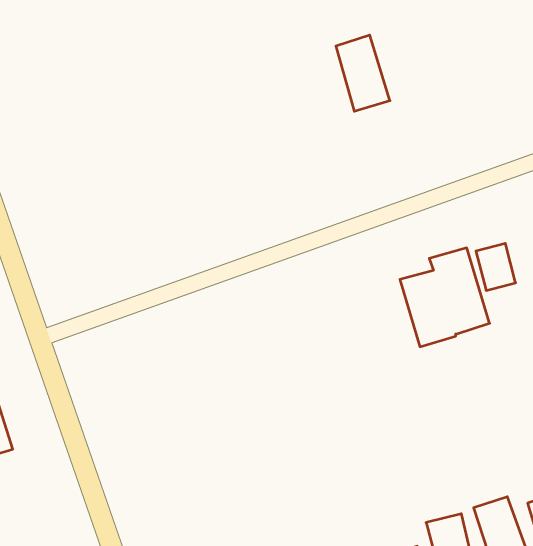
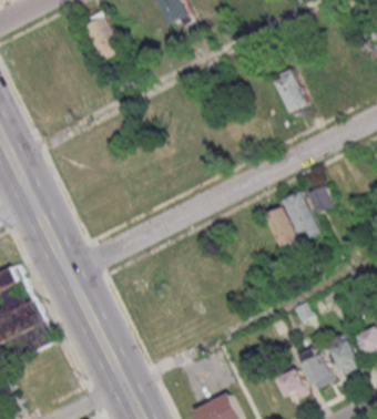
building: [336,35,390,111] -> [272,68,307,113]

